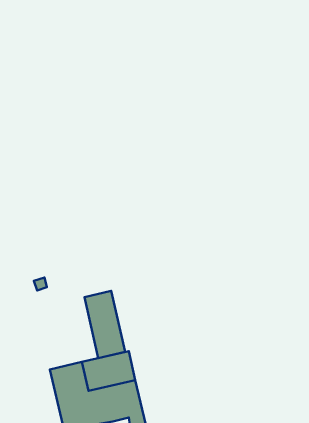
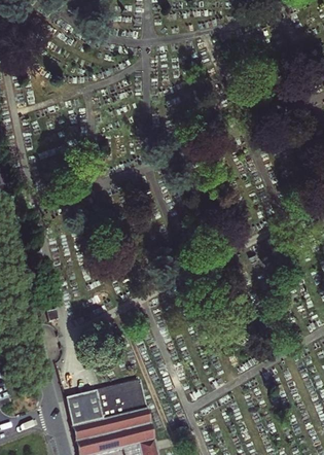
building: [84,291,125,358] -> none

